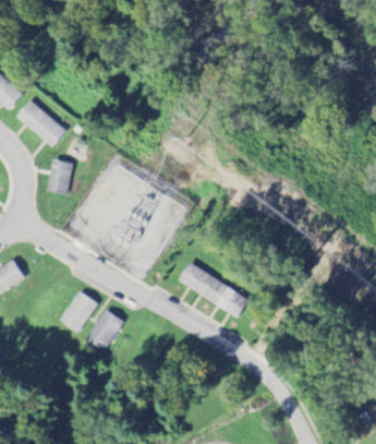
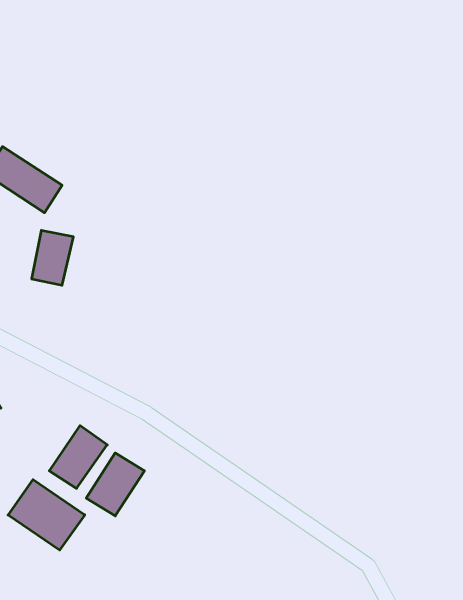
building: [182,262,254,319] -> none
building: none -> [8,480,85,550]

